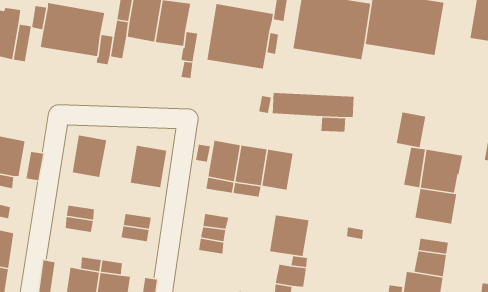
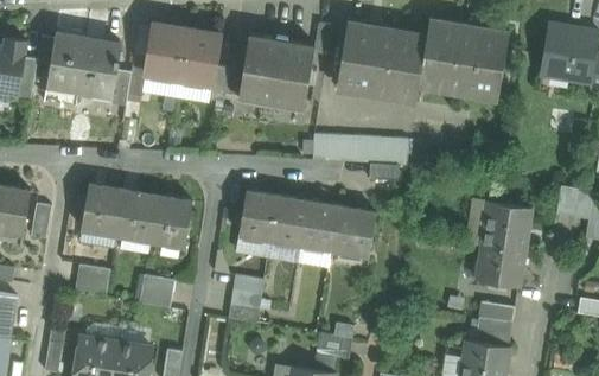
building: [396,111,426,148] -> none
building: none -> [115,190,157,240]
building: [269,215,309,257] -> [330,205,376,254]

